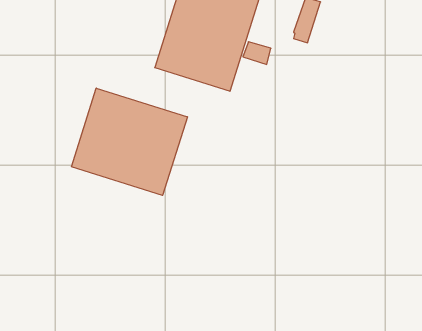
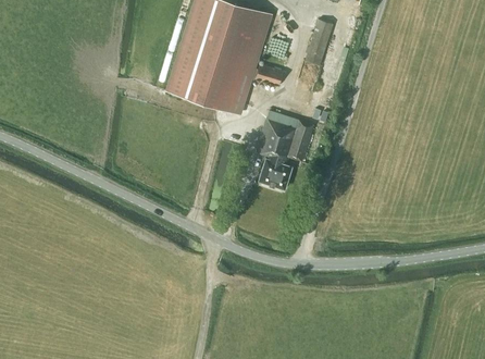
building: none -> [254,111,312,189]
building: [71,88,187,195] -> none

